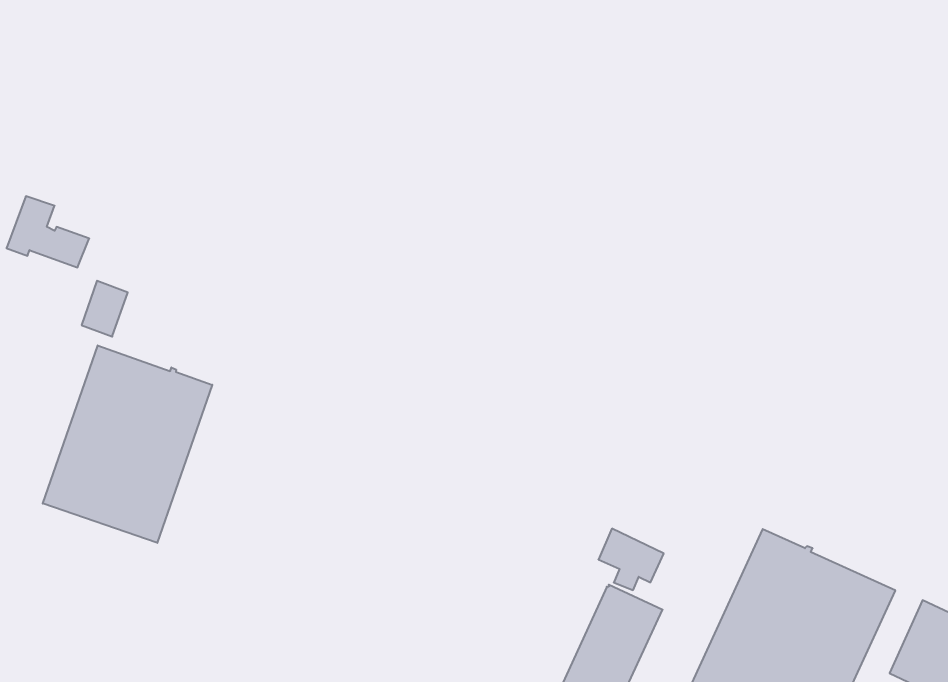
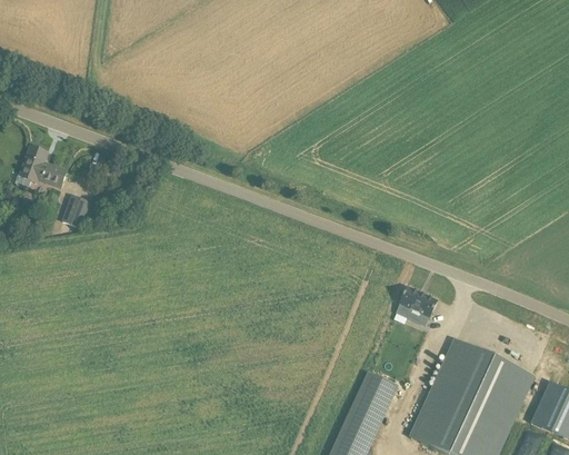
building: [43,345,212,543] -> none
building: [598,529,664,590] -> [399,286,437,322]

